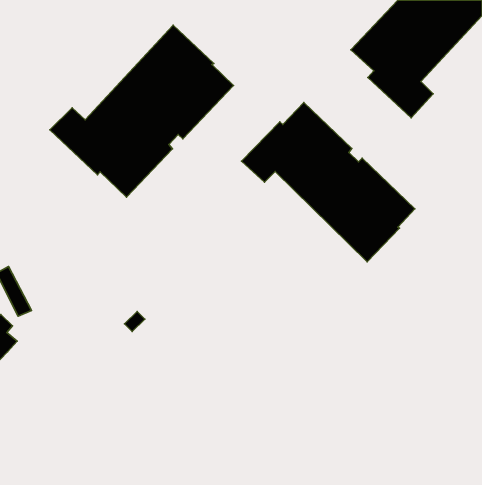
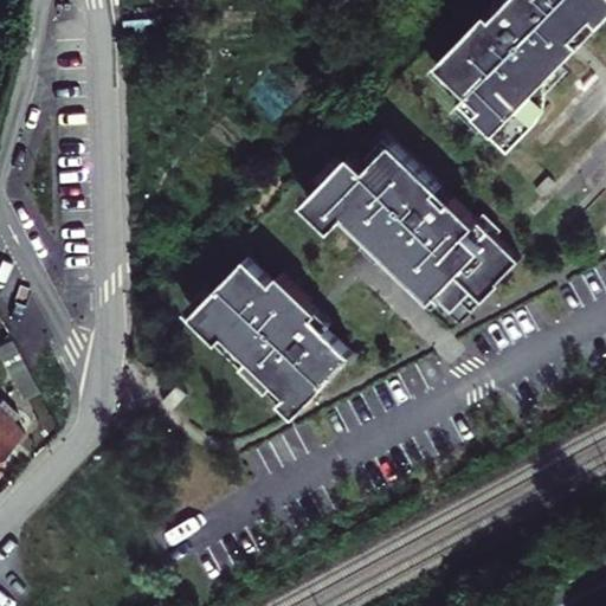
building: [50,25,233,197] -> none
building: none -> [185,260,347,413]

